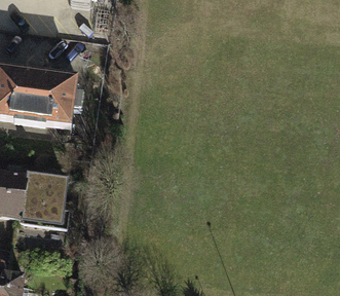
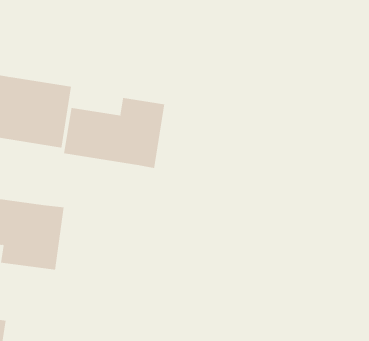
building: none -> [64,97,165,169]

